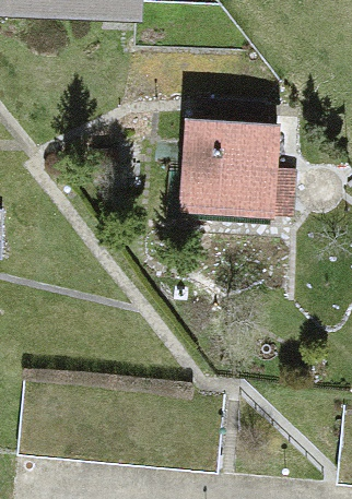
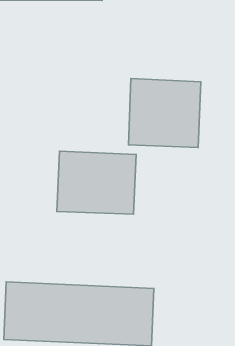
building: none -> [57,151,136,214]

